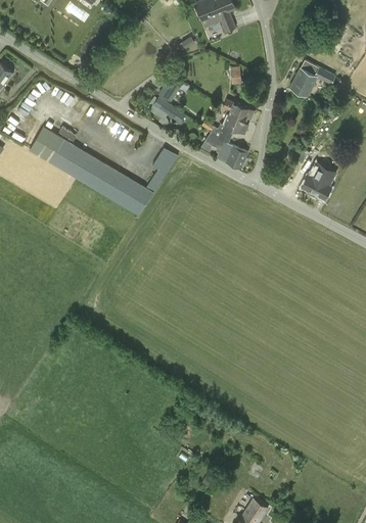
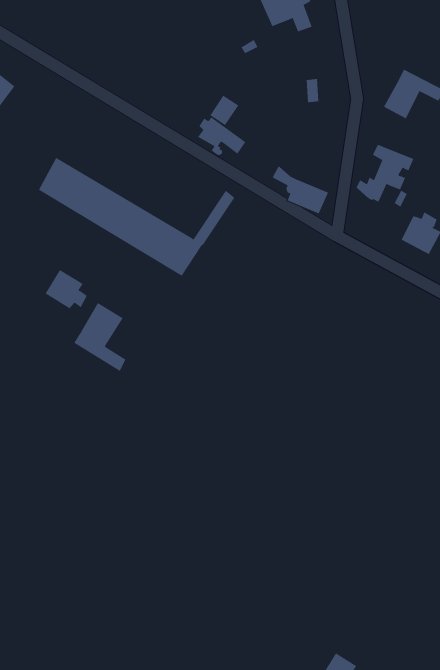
building: [211,99,255,143] -> [356,144,414,202]
building: none -> [45,269,87,309]
building: none -> [73,302,126,372]

